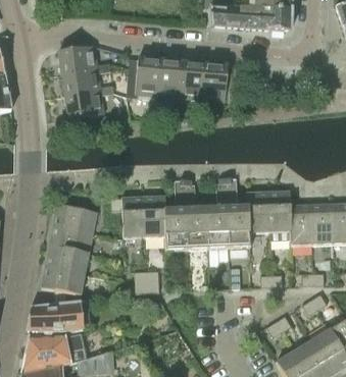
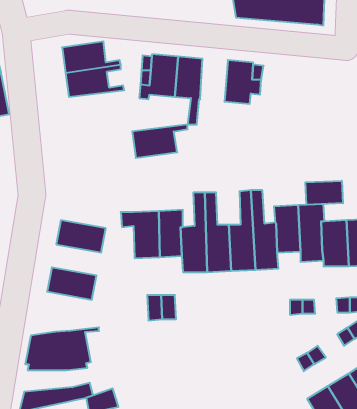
building: [182,61,206,99] -> none
building: [65,89,114,118] -> [132,125,188,158]
building: none -> [305,181,343,205]
building: [50,225,94,253] -> none
building: [42,267,86,303] -> none
building: [26,334,84,356] -> none

